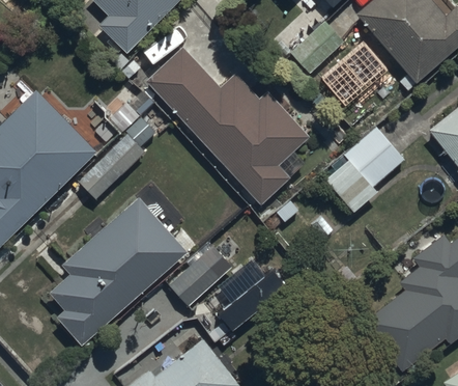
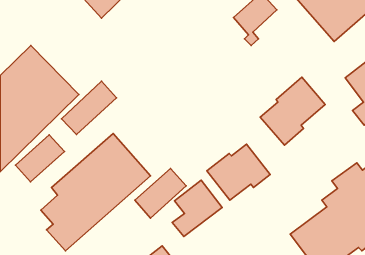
building: [146,48,311,205] -> none
building: none -> [16,135,65,182]
building: none -> [207,144,270,200]

